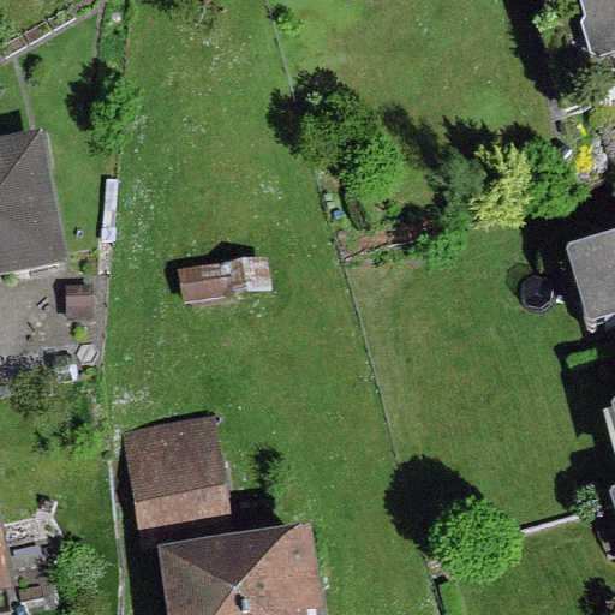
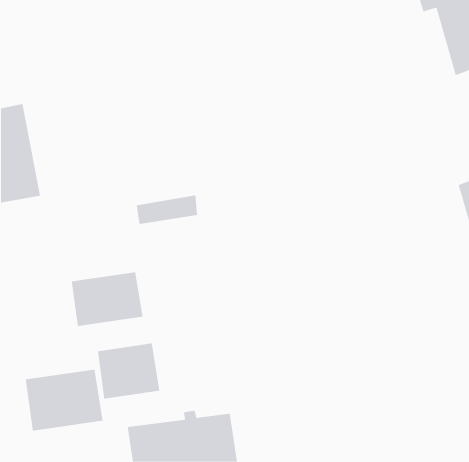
building: none -> [71,271,143,327]
building: none -> [25,369,103,432]

